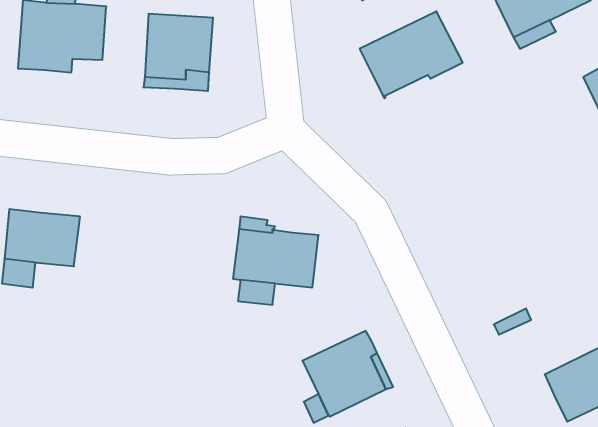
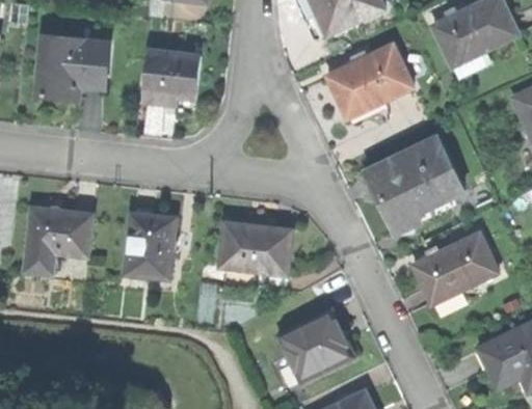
building: none -> [367,139,461,233]
building: none -> [124,213,175,279]
building: none -> [417,233,499,300]

